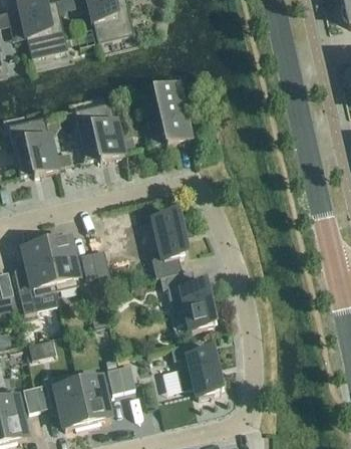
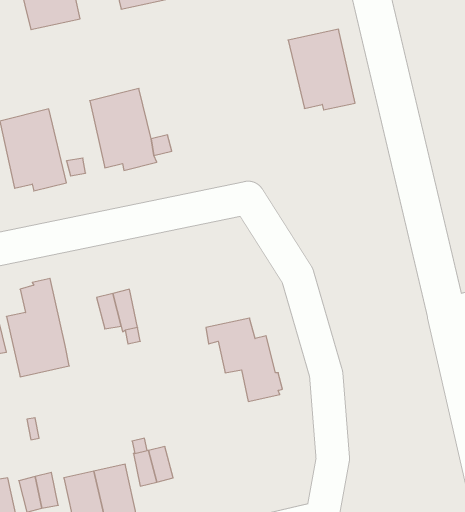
building: [140,84,190,144] -> [288,29,355,110]
building: [149,211,186,275] -> none
building: [45,236,78,288] -> none
building: [170,339,222,397] -> none

